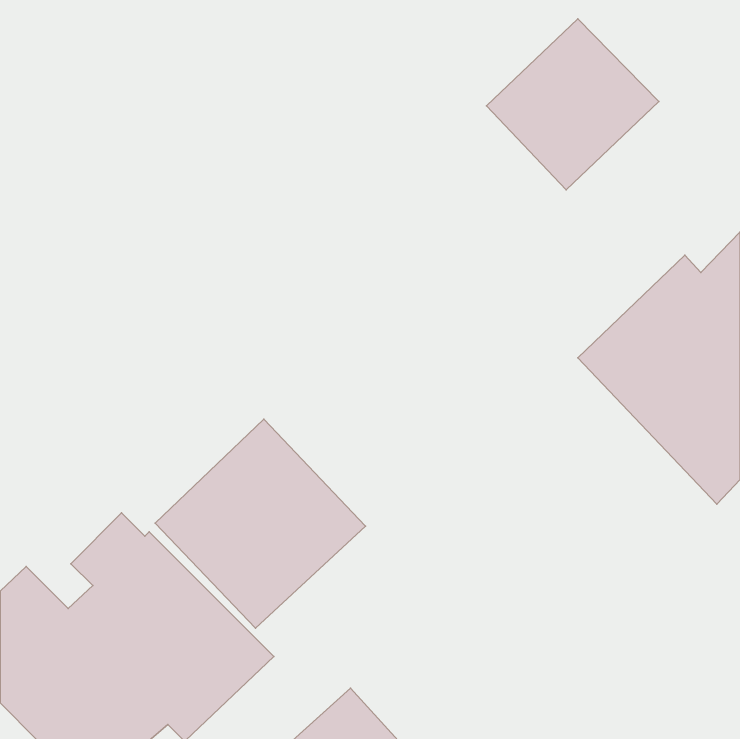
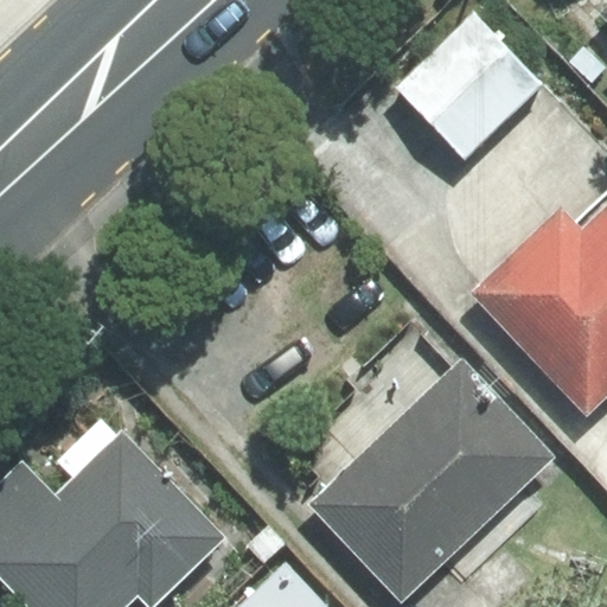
building: [155,419,366,628] -> none
building: none -> [313,364,550,598]

